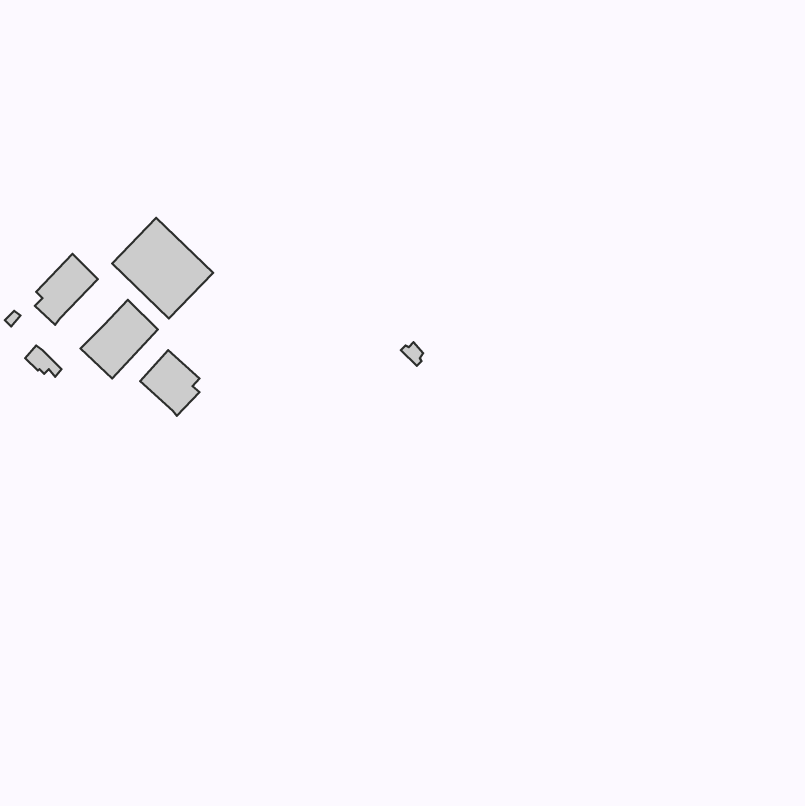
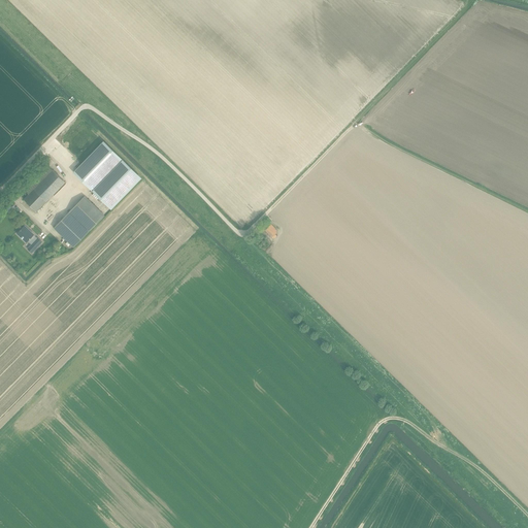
building: [140,350,200,416] -> none

